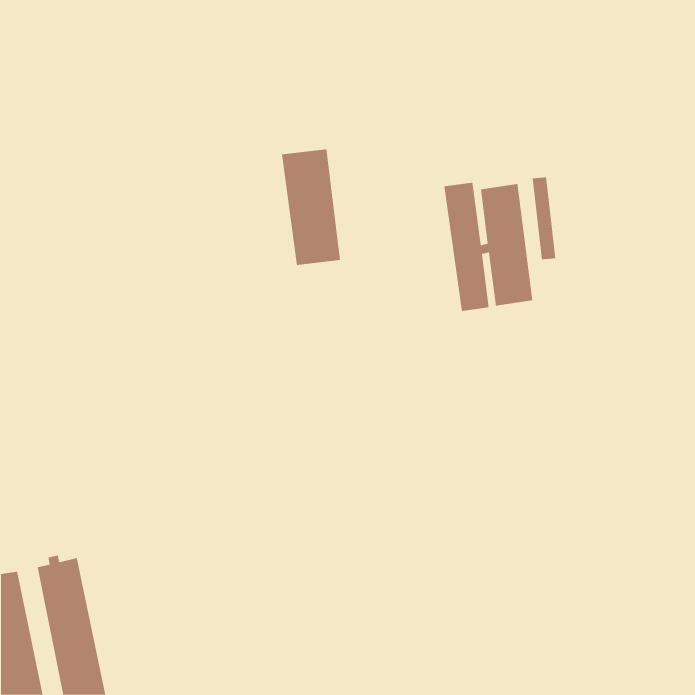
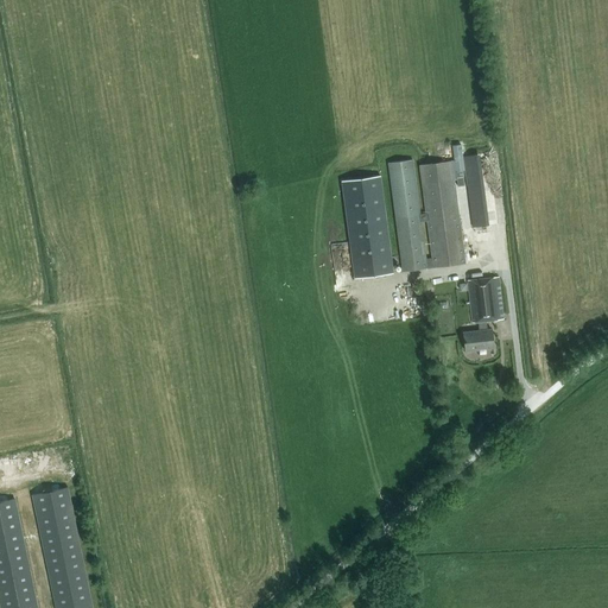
building: [281,149,341,266] -> [341,176,393,278]
building: none -> [463,277,504,352]

